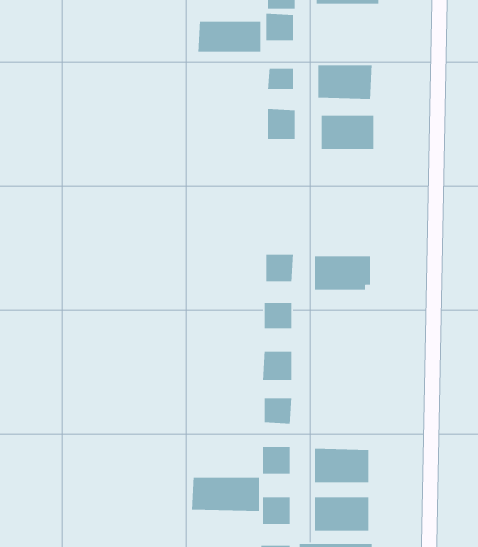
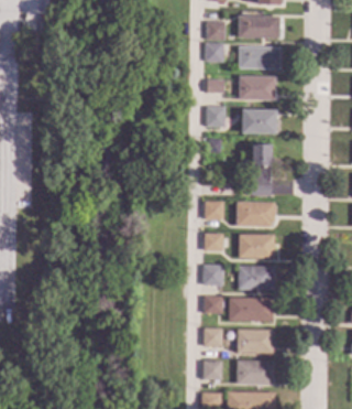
building: [198,21,261,53] -> [238,46,279,67]
building: none -> [246,144,271,195]
building: none -> [238,234,273,257]
building: none -> [238,266,274,289]
building: [191,477,260,512] -> [228,298,273,321]

